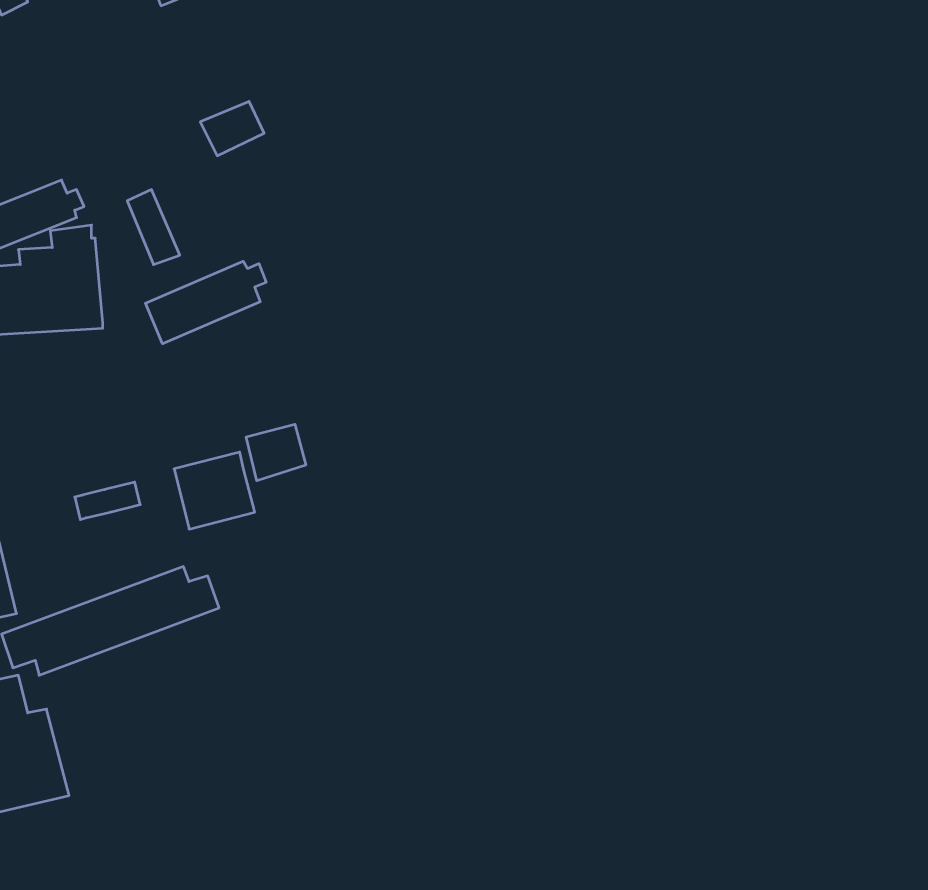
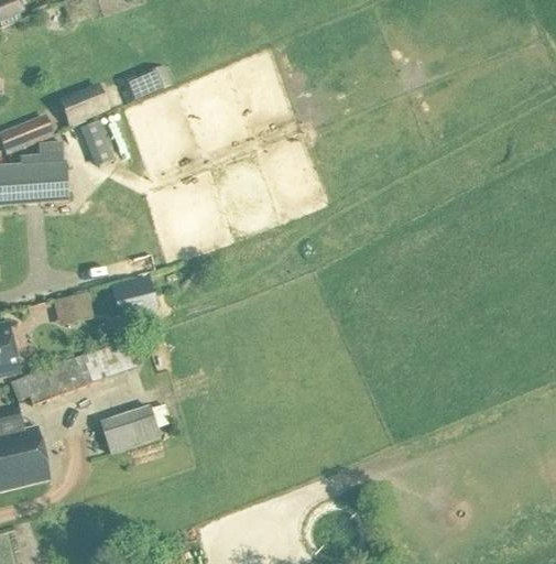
building: none -> [57,82,109,126]
building: [145,261,266,344] -> none
building: [246,424,306,481] -> none
building: none -> [98,402,171,452]

